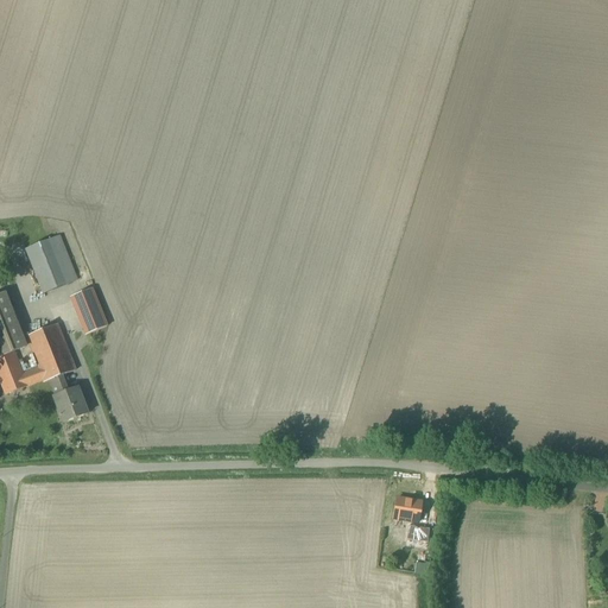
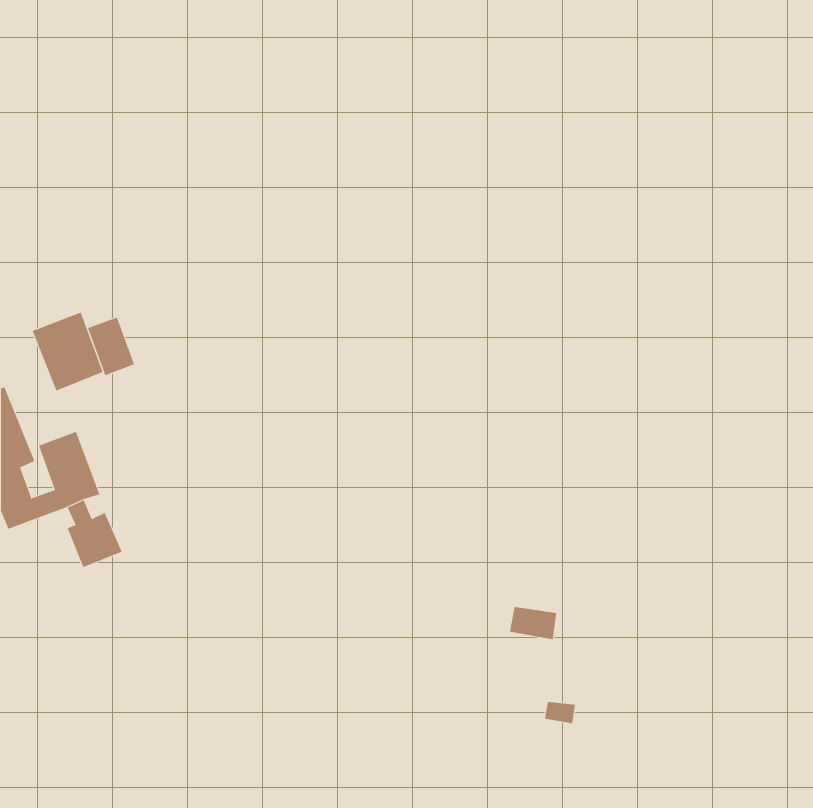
building: [71,287,107,331] -> [87,317,135,376]
building: [385,495,420,520] -> [509,606,557,640]

